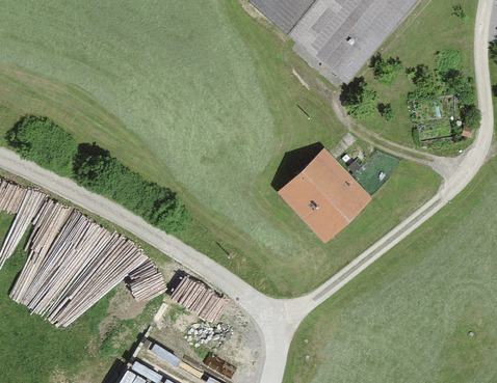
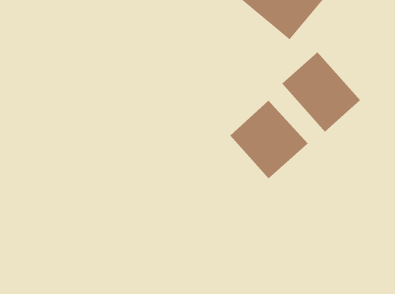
building: none -> [281,52,361,133]

